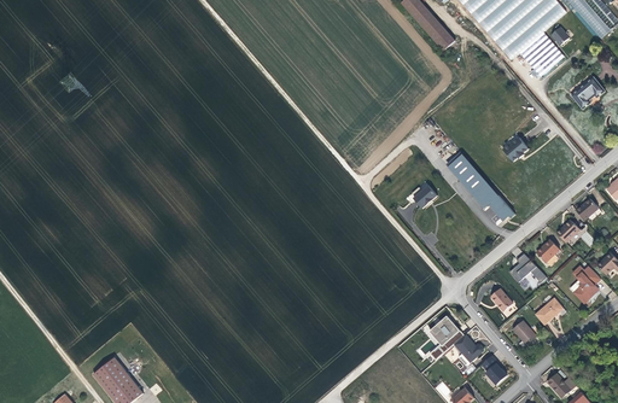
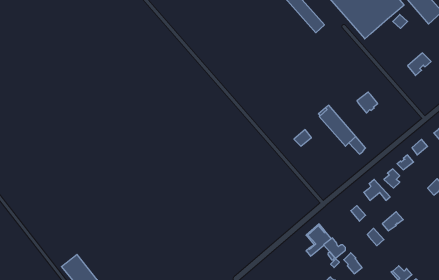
building: [519,31,564,76] -> none
building: [572,265,599,300] -> none

